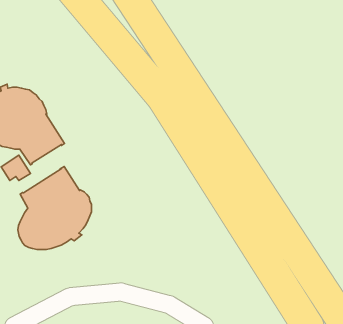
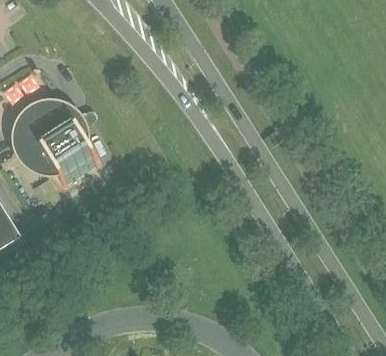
building: [18,166,92,250] -> none

